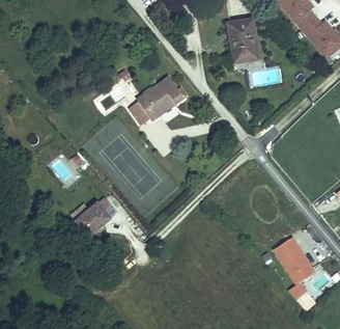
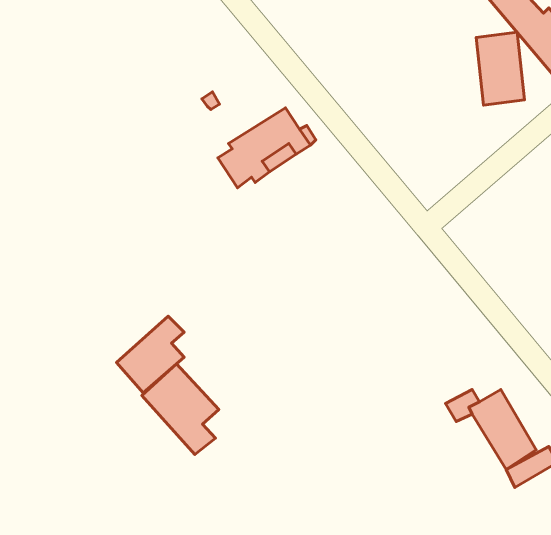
building: [231,21,259,63] -> [476,32,524,105]
building: none -> [142,364,219,455]

